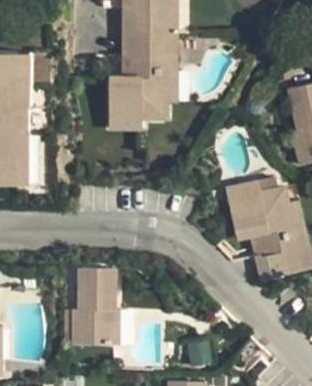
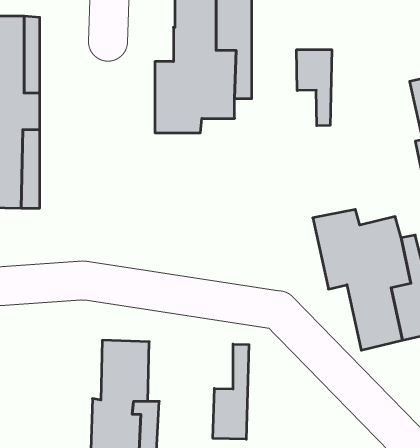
building: none -> [297,50,332,126]
building: none -> [213,344,249,439]

